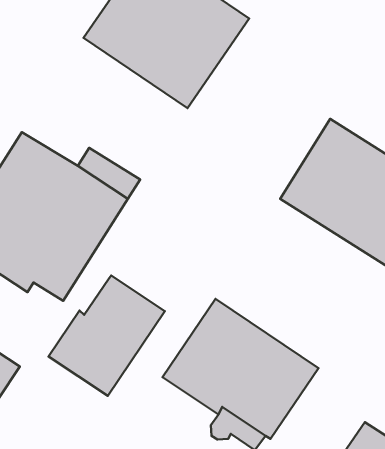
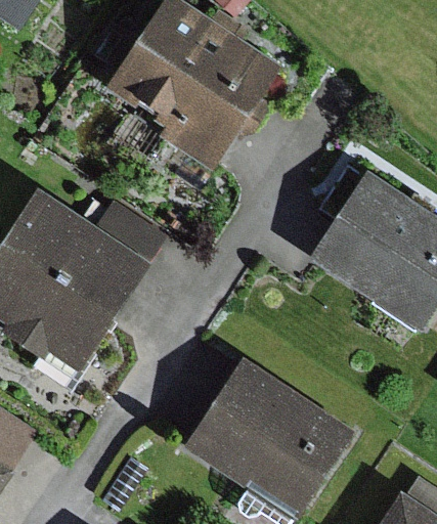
building: [48,276,165,396] -> none

